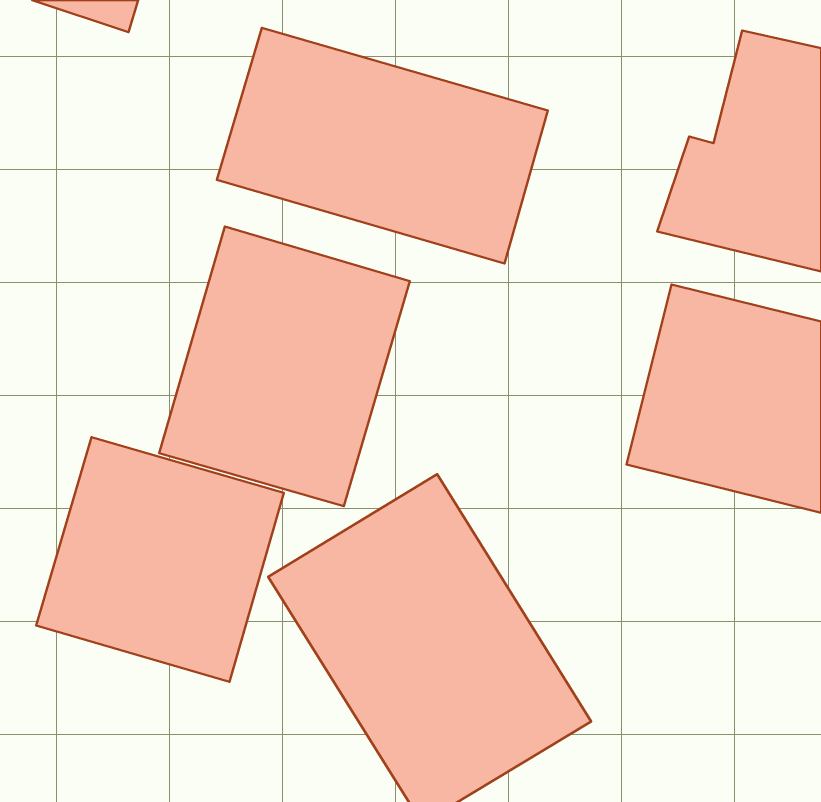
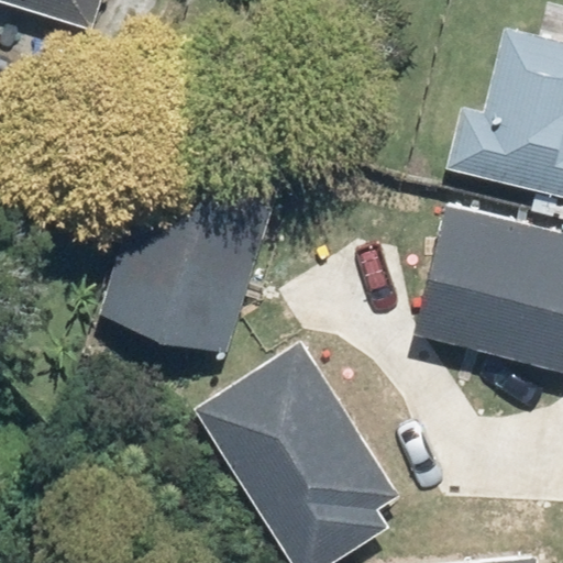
building: [217,28,548,263] -> none
building: [36,437,284,682] -> none

